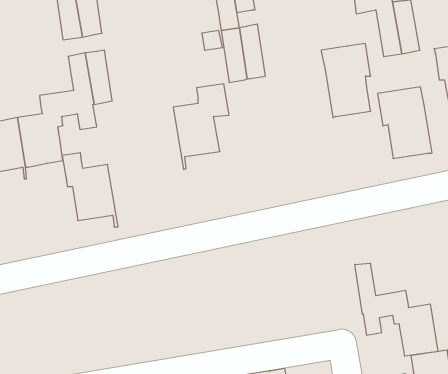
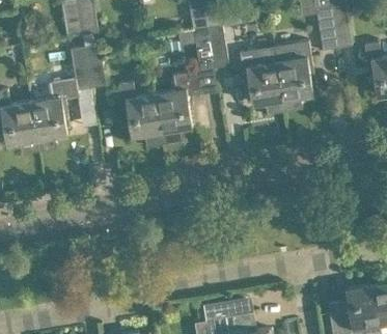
building: [378,87,432,158] -> [239,47,282,104]
building: [62,153,118,227] -> [118,82,163,141]
building: [355,263,438,356] -> none

